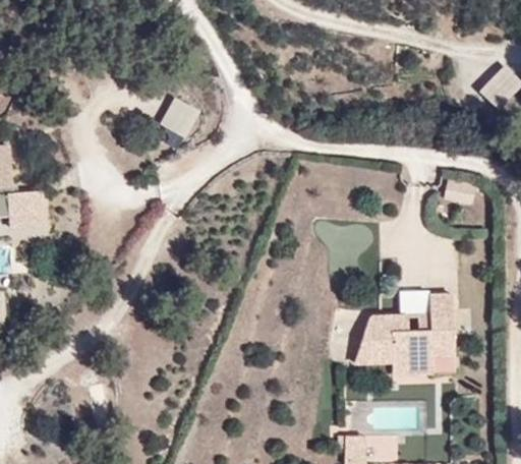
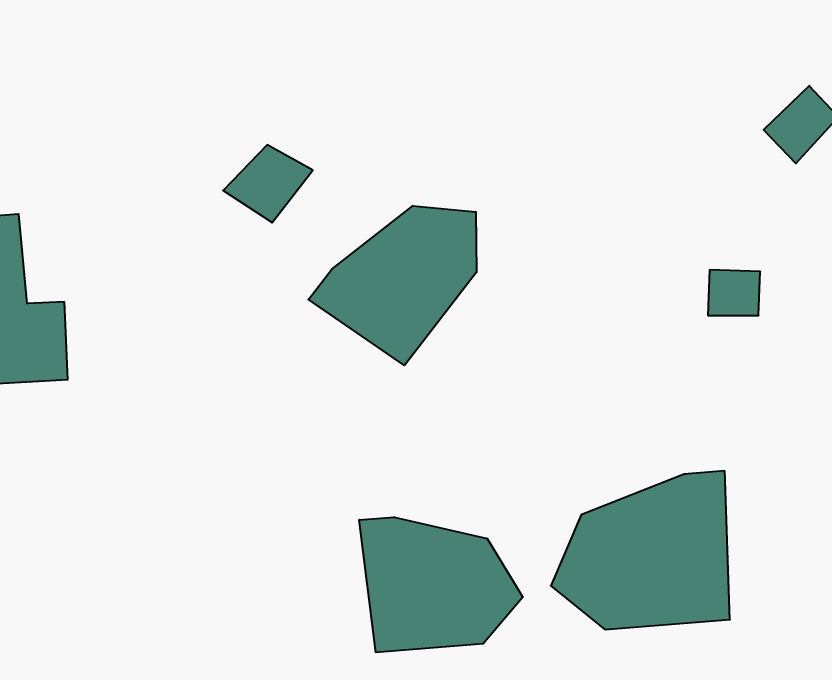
building: none -> [308,206,477,365]
building: none -> [359,517,523,652]

